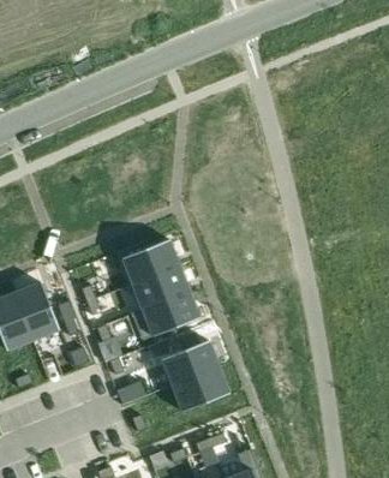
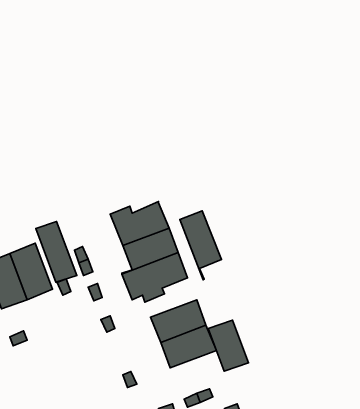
building: none -> [180,211,222,280]
building: none -> [36,222,77,282]
building: none -> [208,320,249,371]

